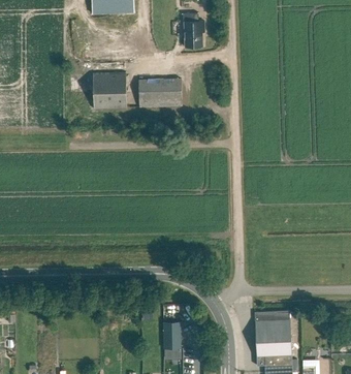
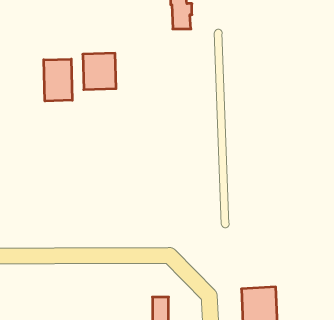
building: none -> [44,59,72,101]
building: [138,79,182,106] -> none

